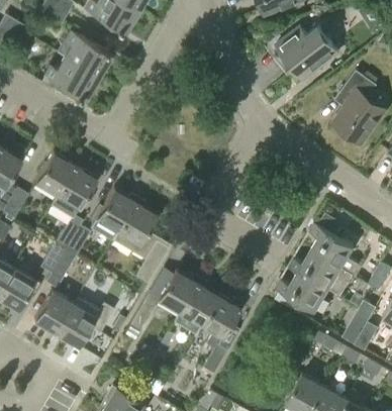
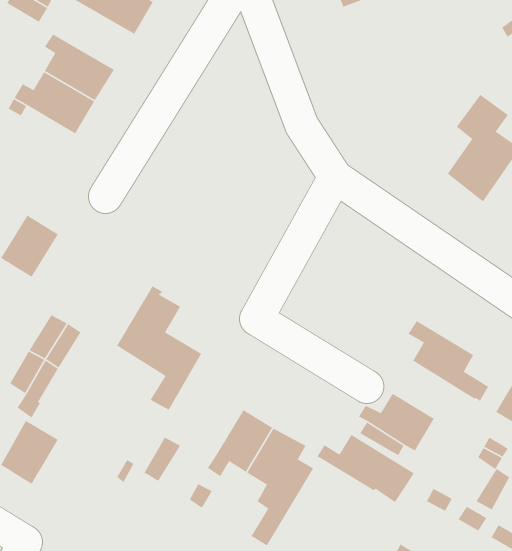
building: [276,27,337,81] -> none
building: [56,166,95,208] -> none
building: [90,189,137,240] -> none
building: [287,250,353,297] -> [317,434,415,503]
building: [157,269,197,313] -> none
building: [56,298,113,346] -> none

